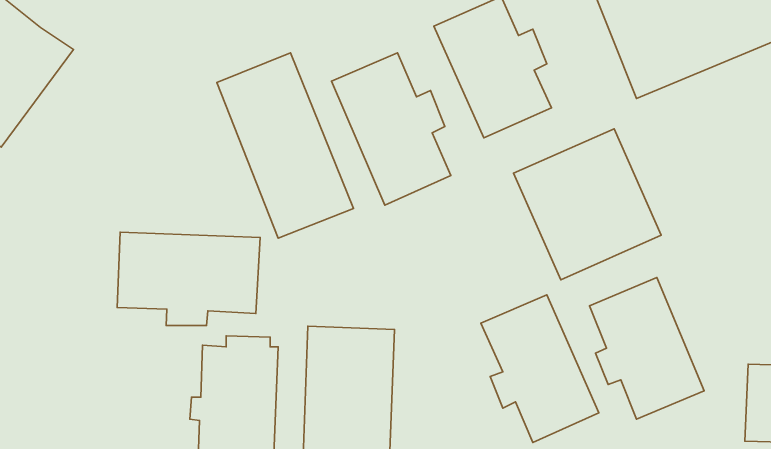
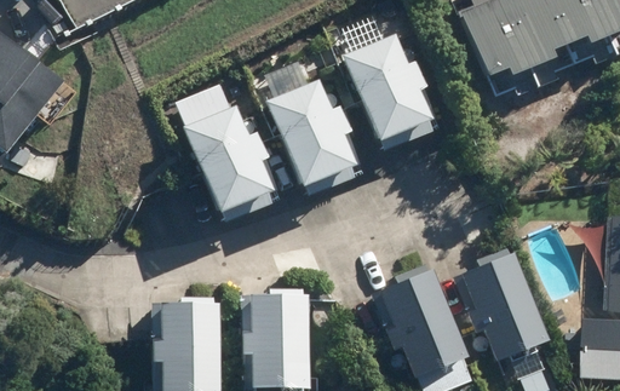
building: [514,129,661,280] -> none
building: [117,232,260,326] -> none

